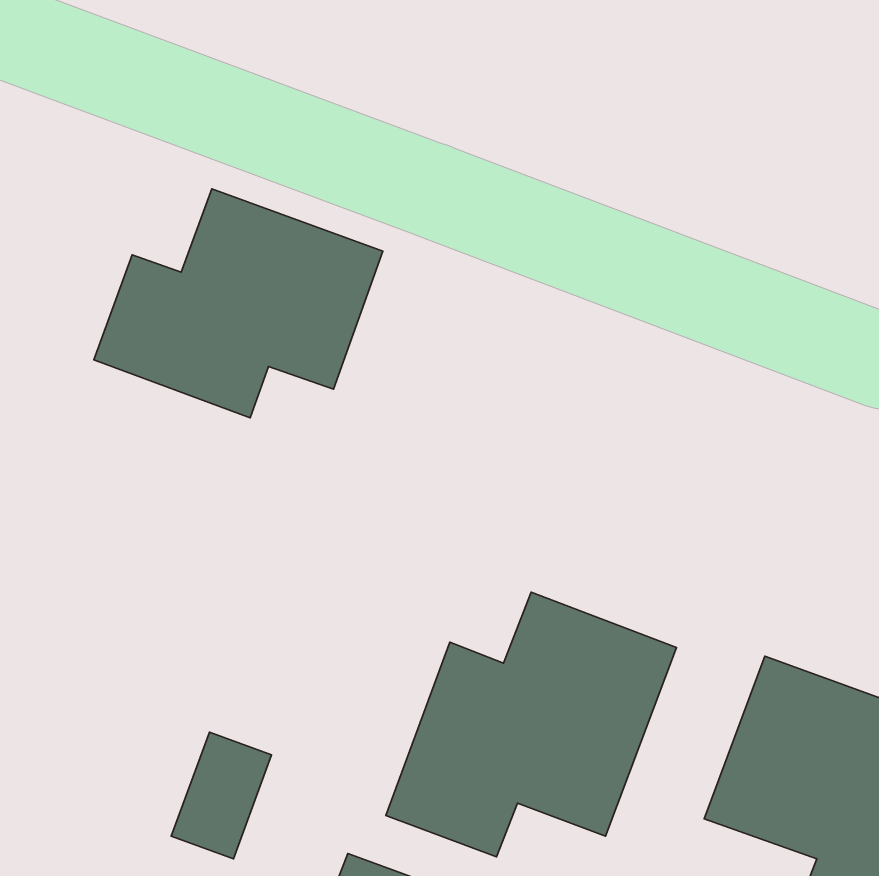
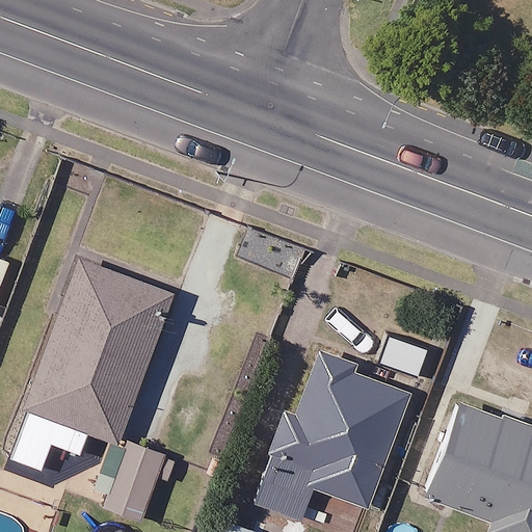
building: [94,189,383,418] -> none
building: none -> [16,261,174,472]

